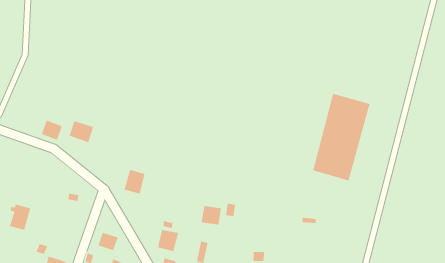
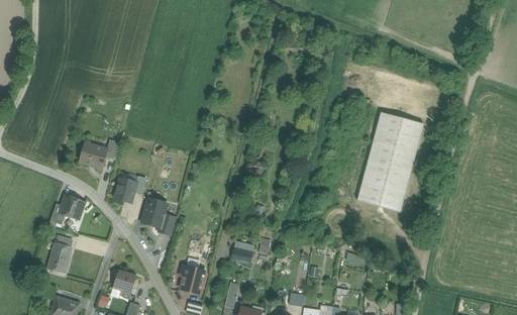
building: [41,120,63,141] -> [59,196,84,220]
building: none -> [113,178,137,204]
building: [9,203,31,231] -> [46,243,72,275]

